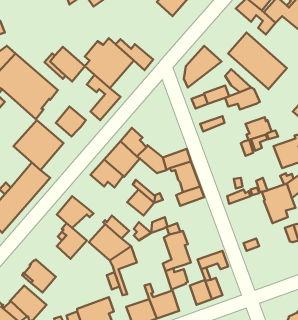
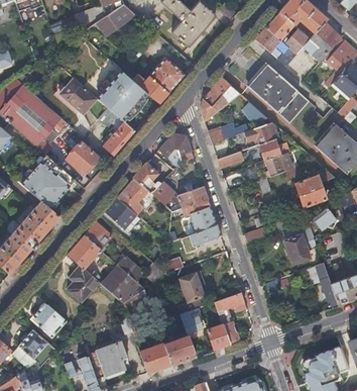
building: none -> [148,57,184,92]
building: none -> [157,133,193,167]
building: none -> [258,138,288,160]
building: [127,190,154,215] -> [83,222,111,250]

